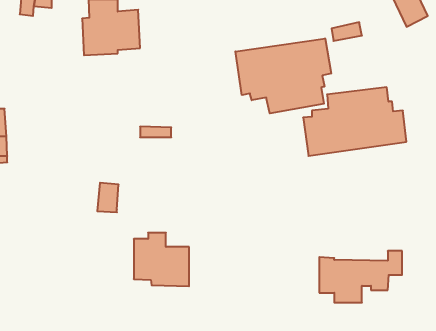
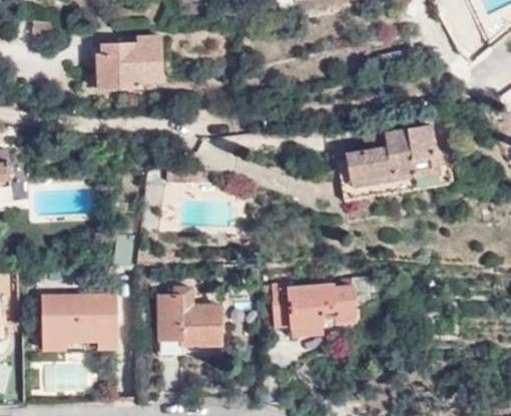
building: [235,38,331,113] -> none
building: none -> [38,296,116,349]
building: [319,251,402,303] -> [276,276,369,334]

